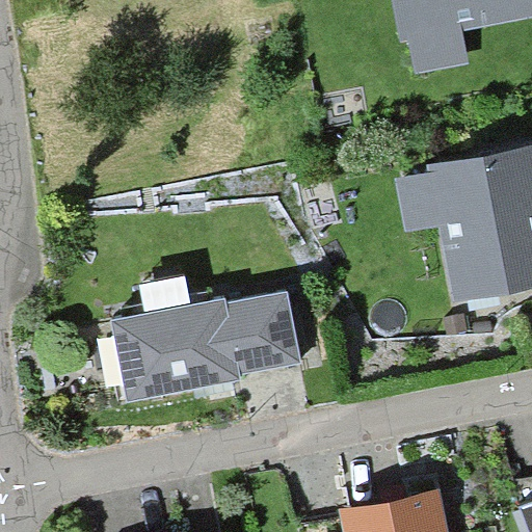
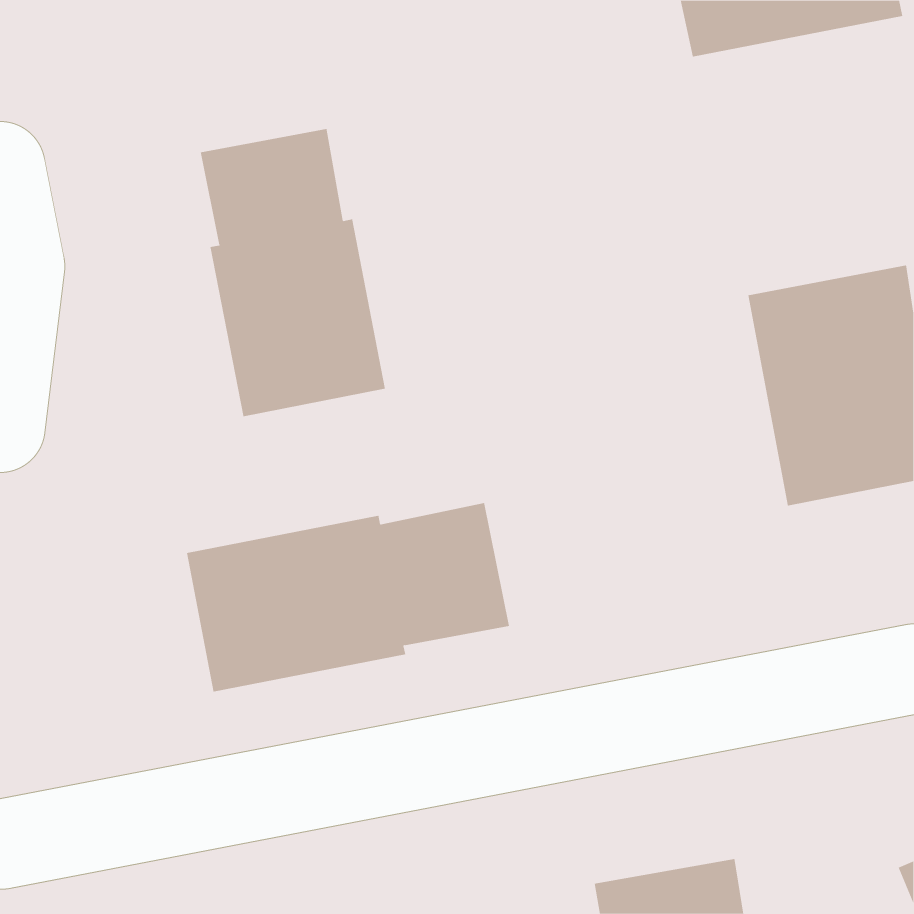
building: none -> [200,128,386,417]

